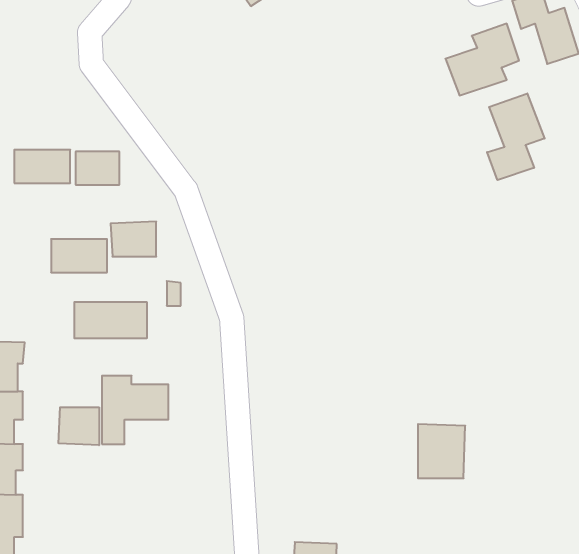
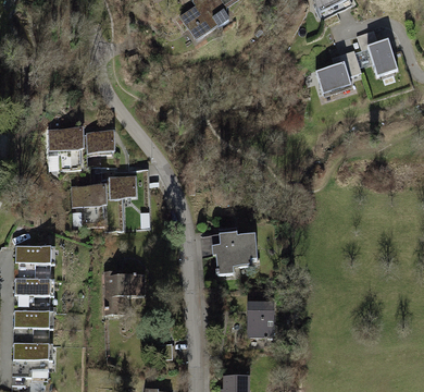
building: [487,93,545,180] -> none
building: [74,302,147,338] -> none
building: none -> [211,228,257,271]
building: [59,407,99,445] -> none
building: [418,424,465,478] -> [246,299,275,333]

